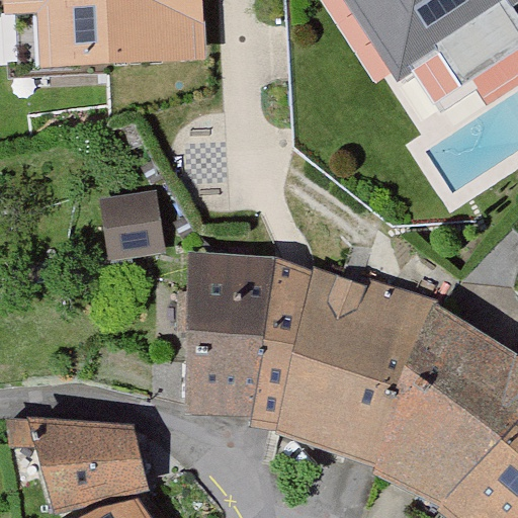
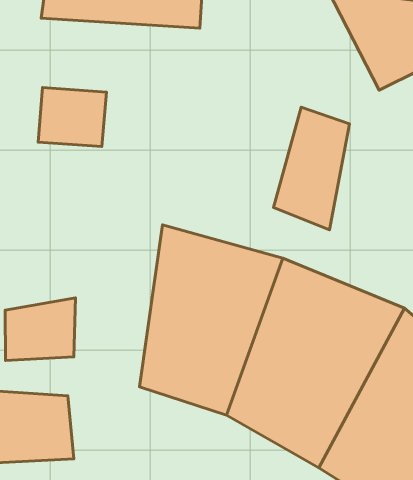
building: none -> [273,107,350,230]
building: [101,200,166,257] -> [38,88,106,147]
building: none -> [5,298,76,360]

